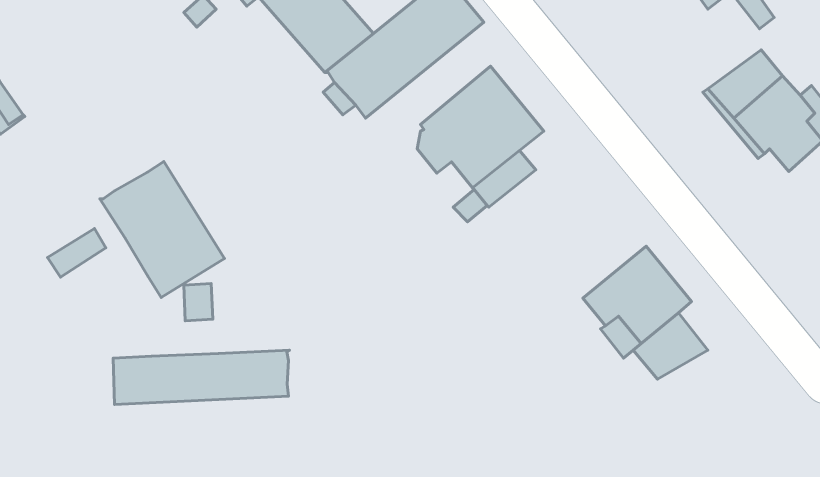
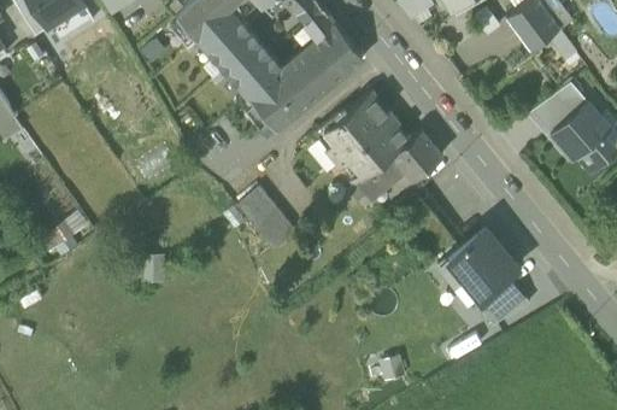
building: none -> [392,129,445,181]
building: [100,162,224,297] -> none
building: none -> [237,186,298,250]
building: [113,350,290,404] -> none

